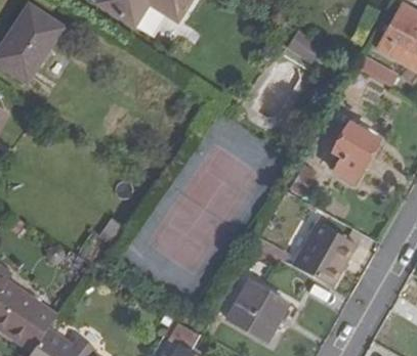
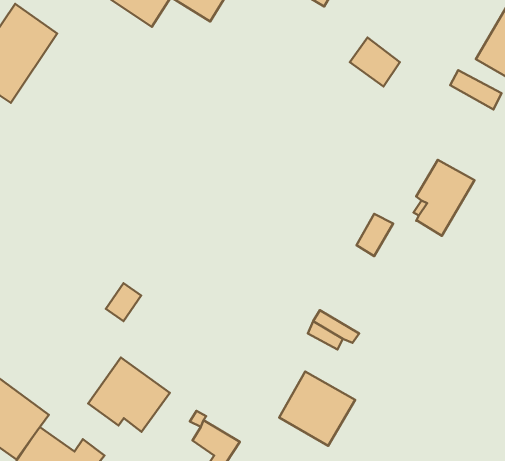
building: [293,222,355,286] -> none
building: none -> [88,358,170,432]

